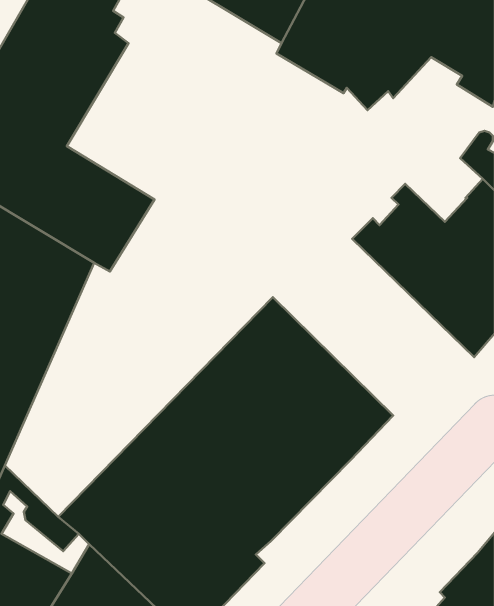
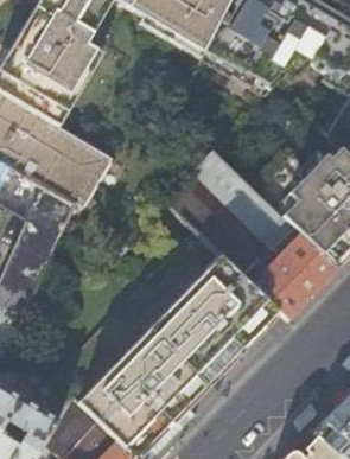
building: none -> [164,149,335,319]

